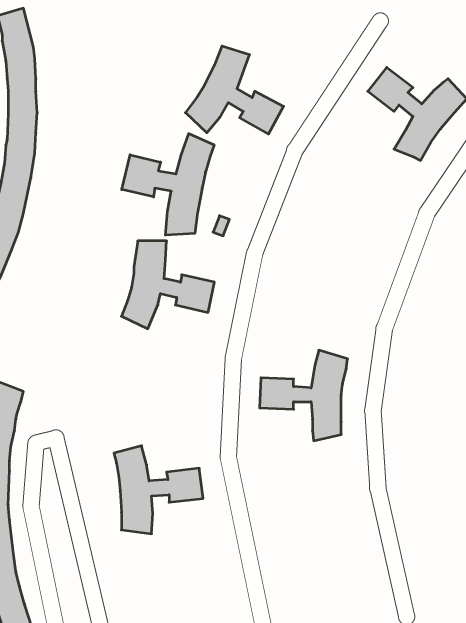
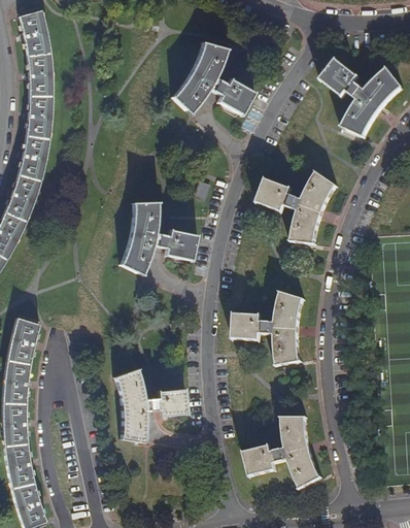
building: [122,134,214,235] -> none
building: none -> [258,171,337,242]
building: none -> [245,416,321,489]

